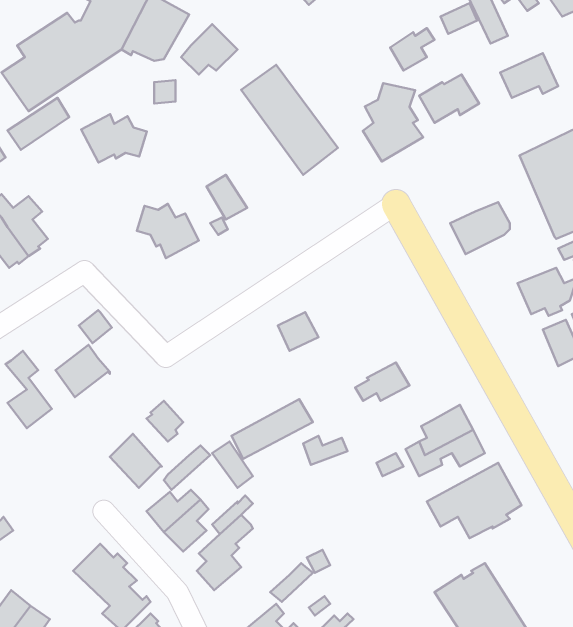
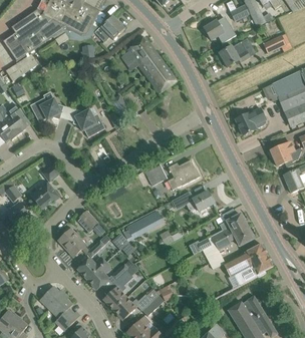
building: [363,83,423,161] -> none
building: [81,114,147,162] -> [29,96,63,121]
building: none -> [168,159,199,190]
building: none -> [112,294,151,319]

